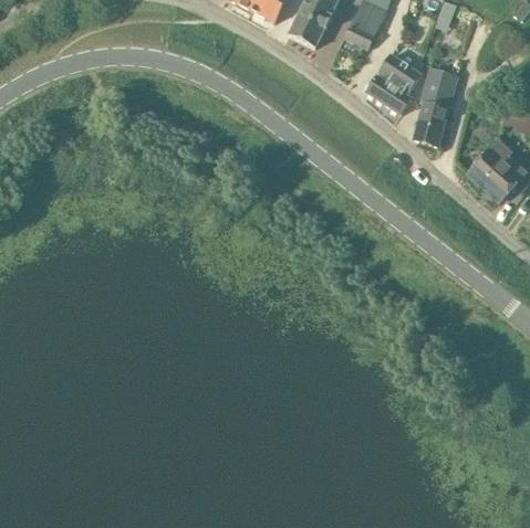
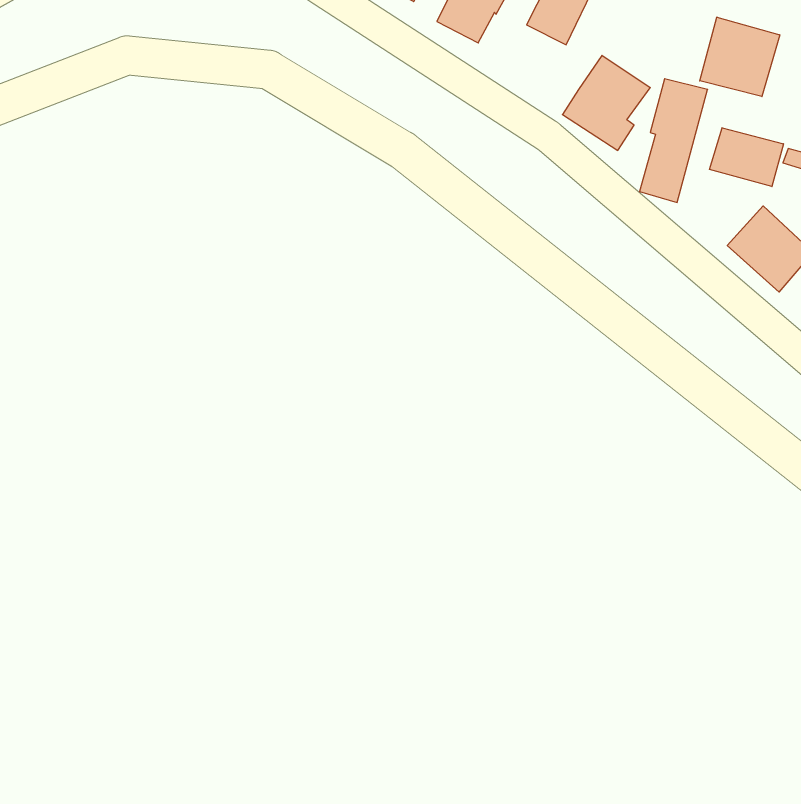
building: none -> [700,17,780,97]
building: none -> [710,128,783,187]

